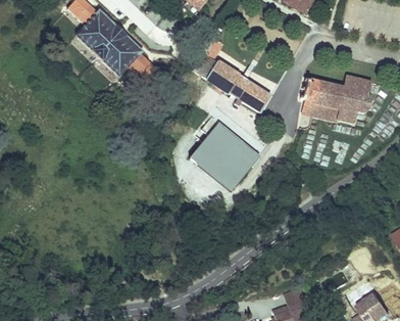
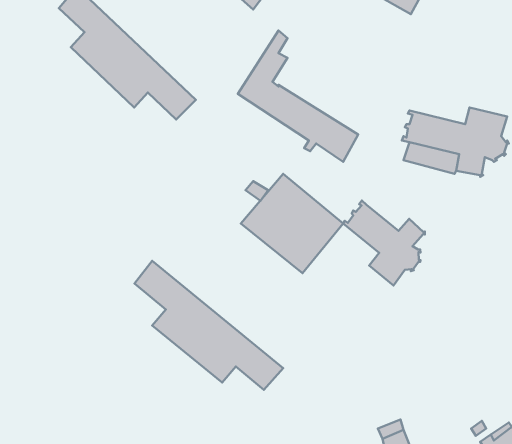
building: none -> [343,201,425,285]
building: none -> [134,261,283,390]

